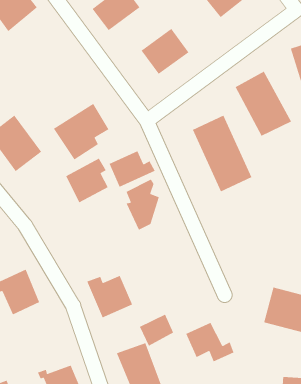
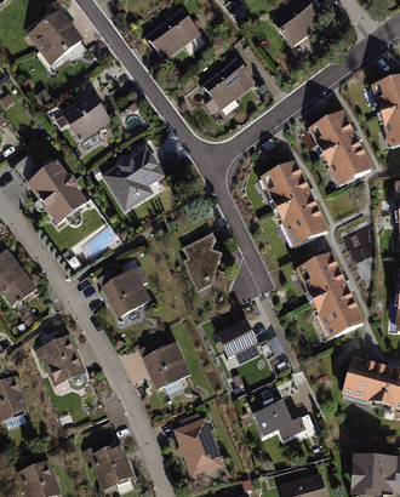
building: none -> [61,90,113,141]
building: [109,150,156,188] -> none
building: [65,158,109,204] -> [102,265,152,318]
building: none -> [296,251,364,338]
building: [139,314,174,347] -> [218,320,258,358]

